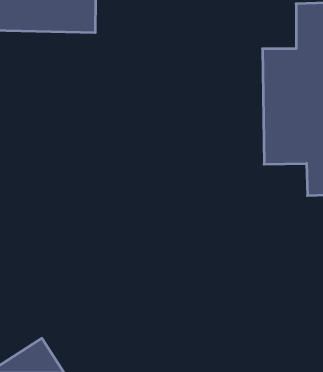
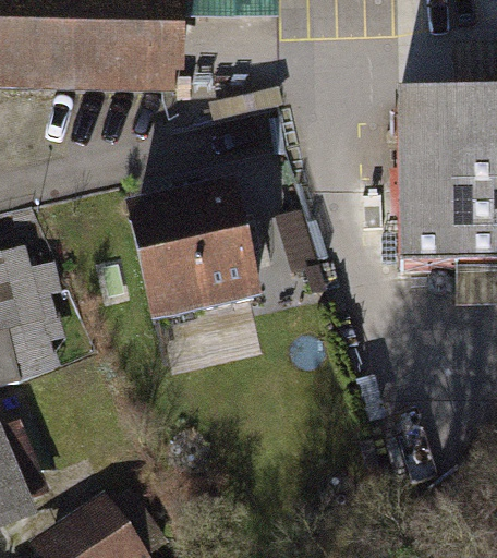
building: none -> [130,185,268,332]

